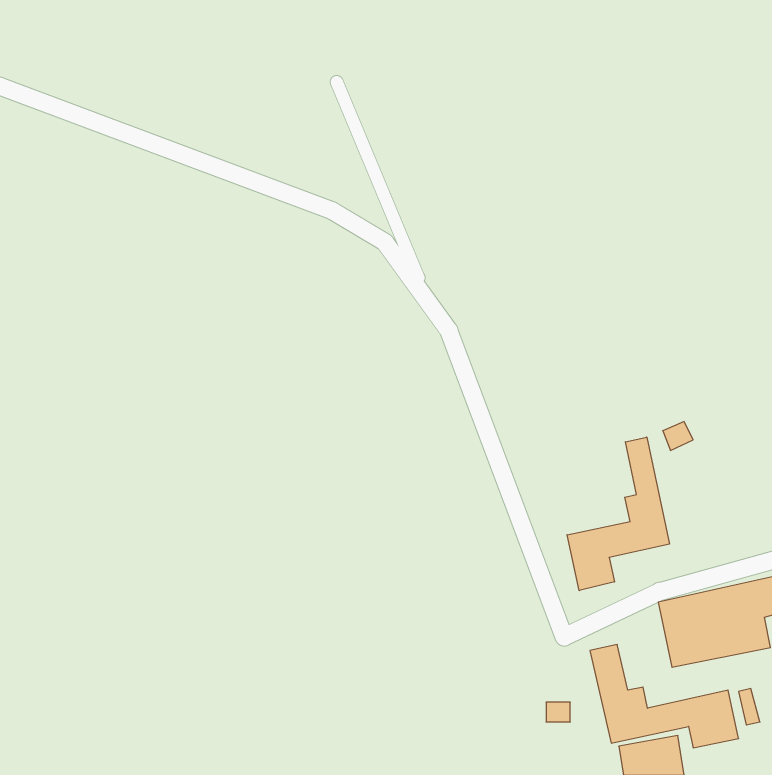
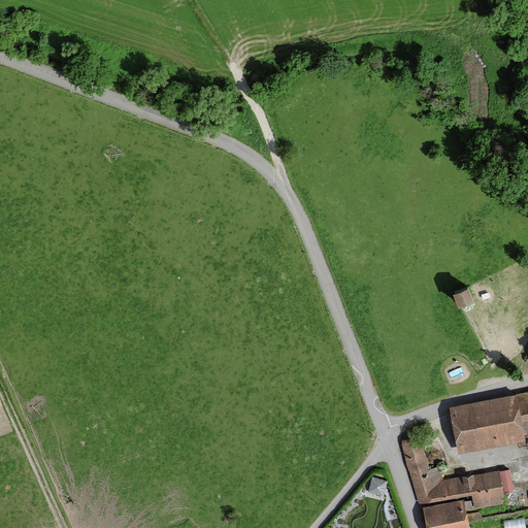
building: [567,437,669,591] -> none

